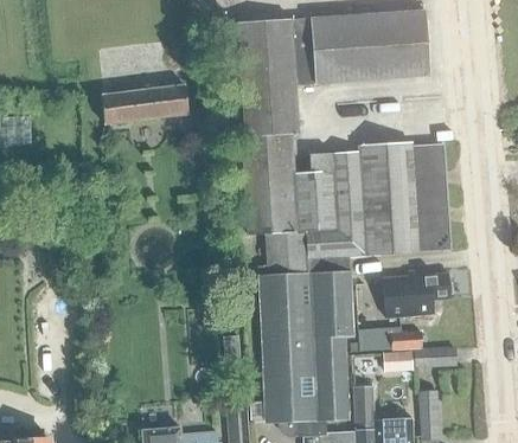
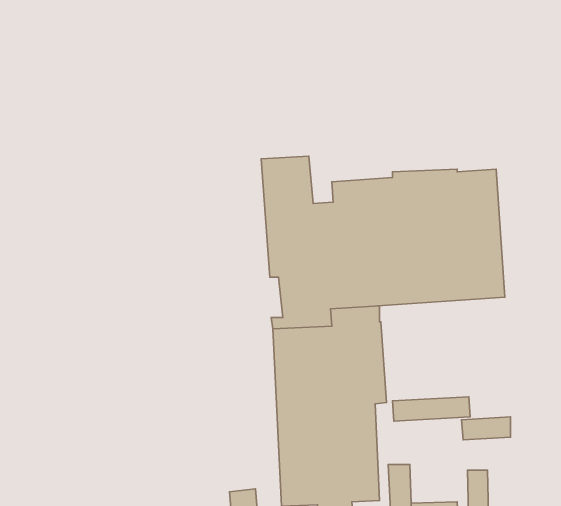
building: [238,9,429,136] -> none
building: [101,85,190,124] -> none
building: [383,269,452,317] -> none

